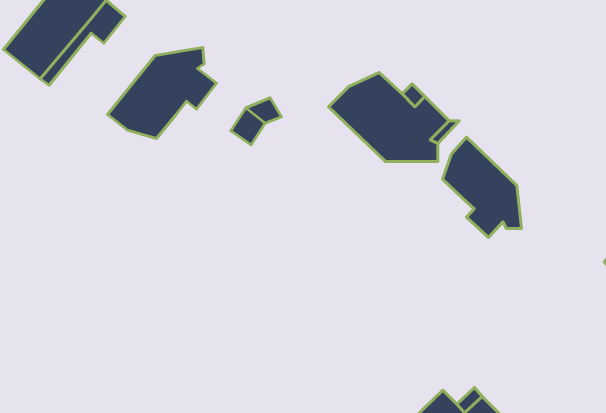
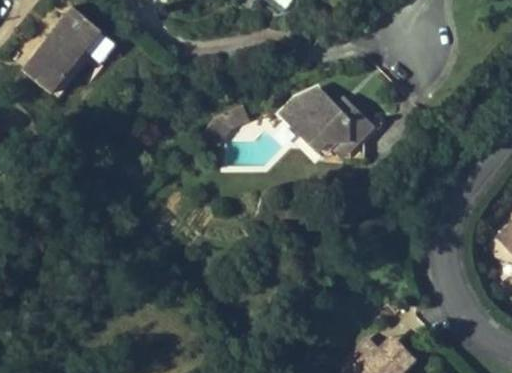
building: [107,47,217,138] -> none
building: [443,137,521,238] -> none

